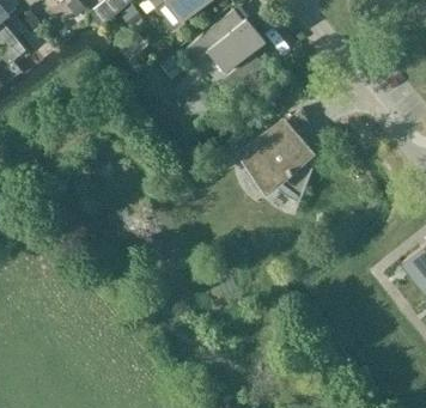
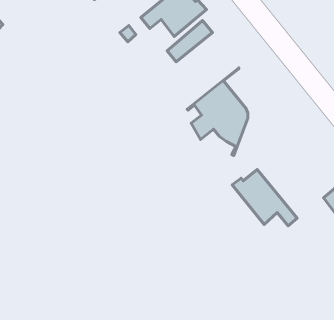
building: none -> [232,169,297,226]

